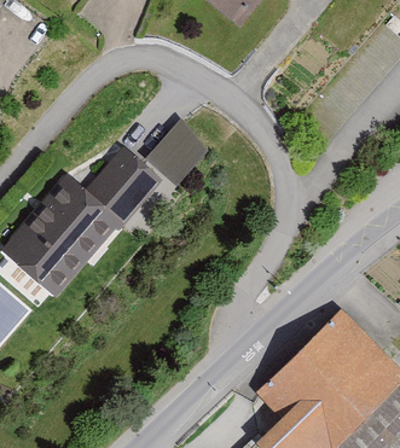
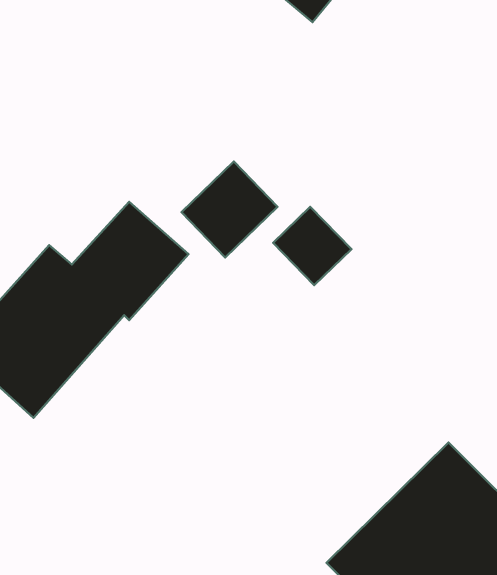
building: none -> [273,207,351,285]

